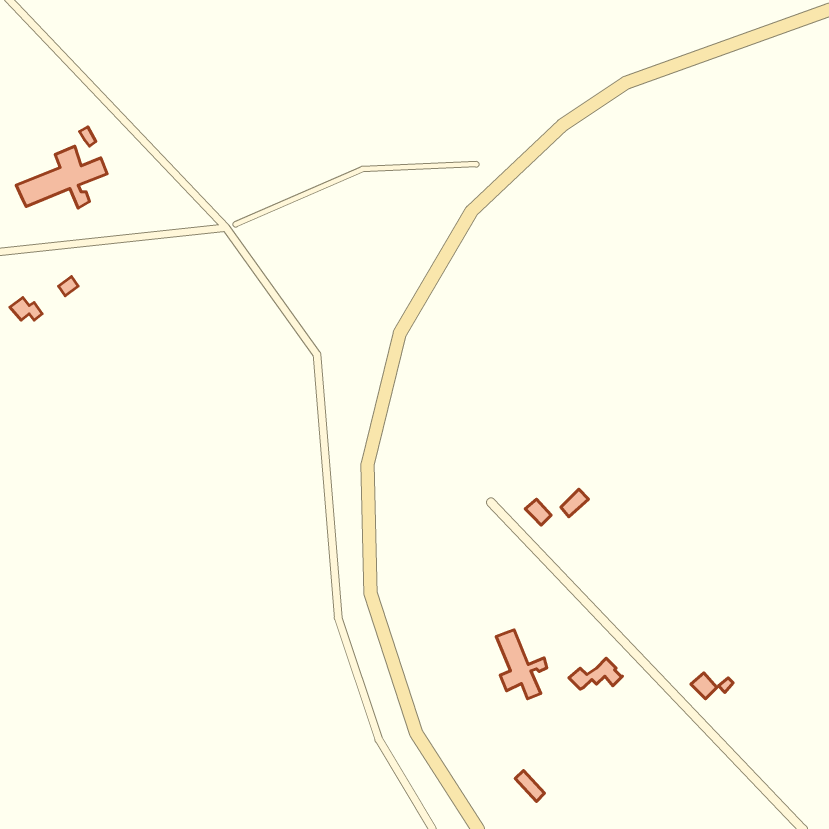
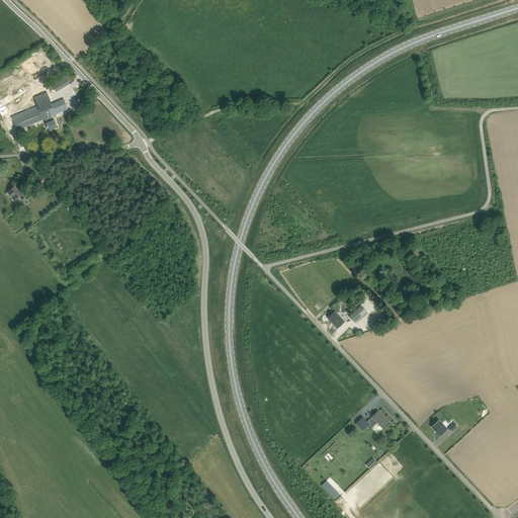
building: [496,630,547,699] -> none

